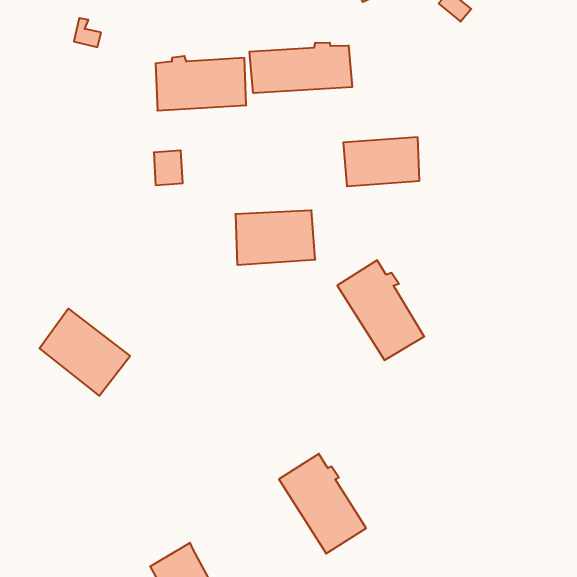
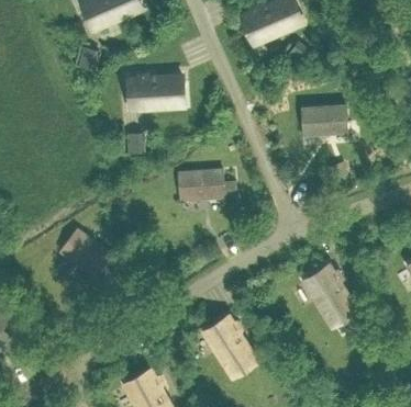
building: [250,43,352,93] -> none
building: [343,137,419,186] -> [300,103,346,133]
building: [337,260,424,360] -> [302,264,355,325]

